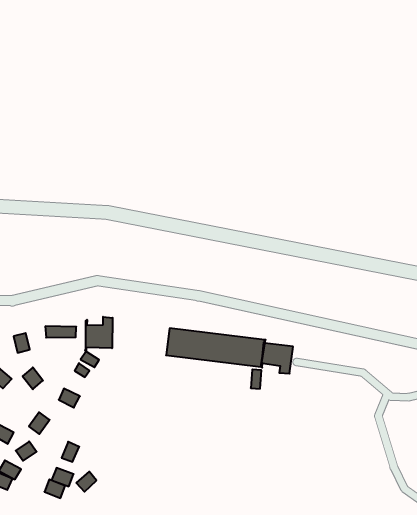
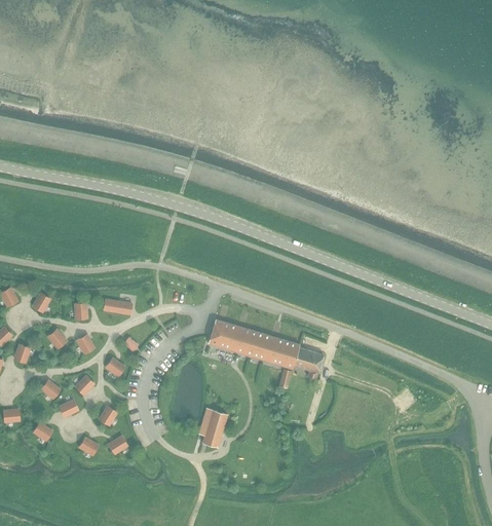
building: [85,317,113,352] -> none
building: none -> [202,411,227,448]

